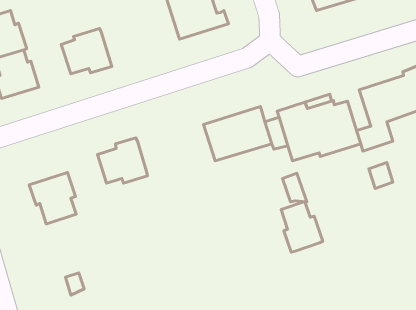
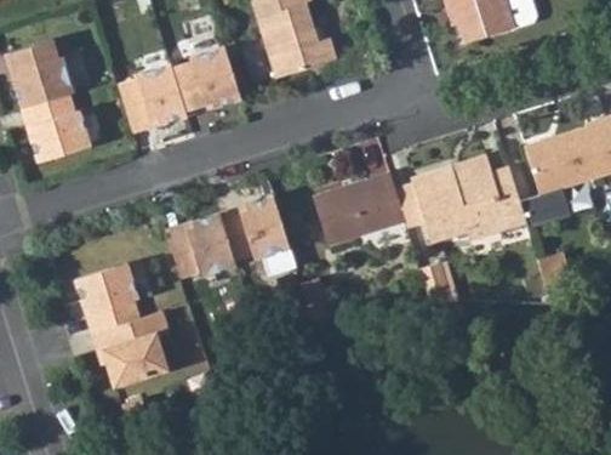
building: none -> [172,46,241,109]
building: none -> [222,195,290,260]
building: [281,202,323,252] -> none
building: none -> [98,312,167,383]

